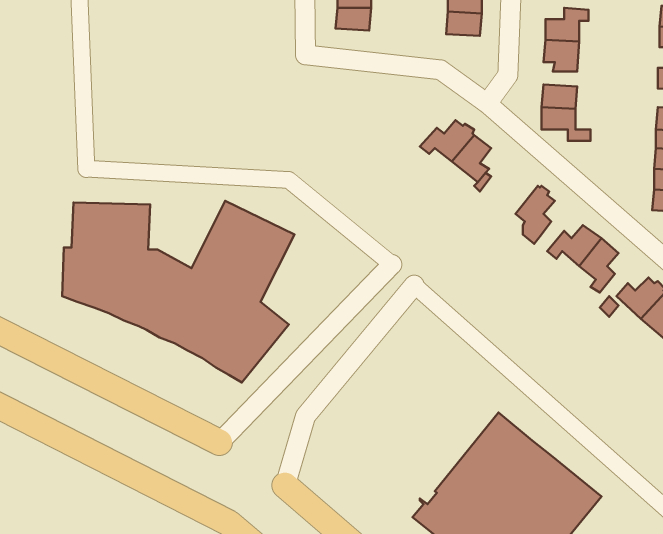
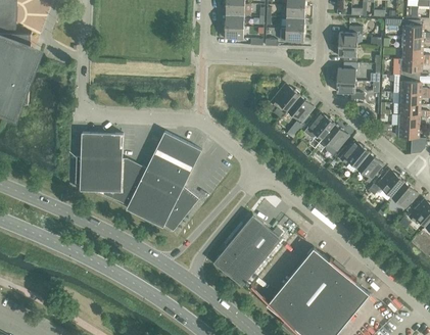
building: none -> [303,116,334,139]
building: none -> [216,214,281,283]

